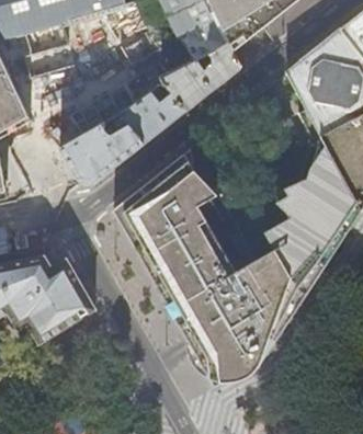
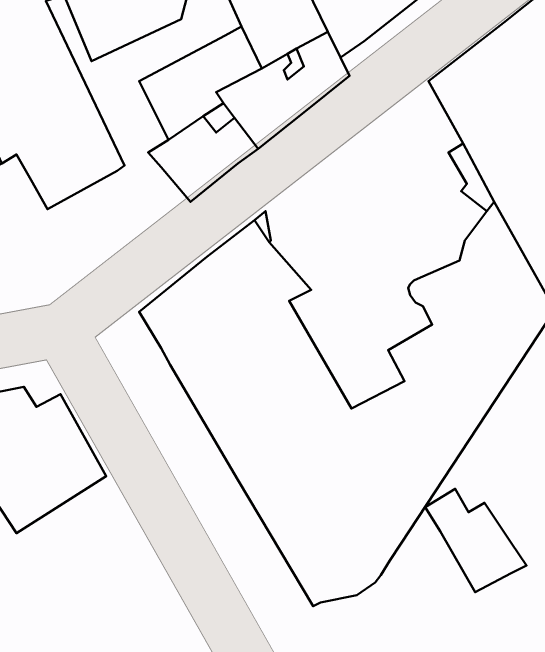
building: [59,123,145,184] -> none
building: none -> [425,489,527,592]

